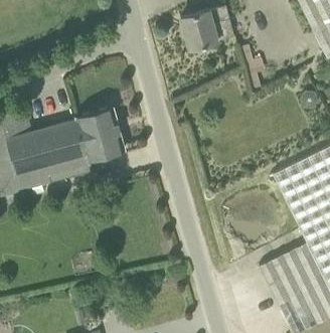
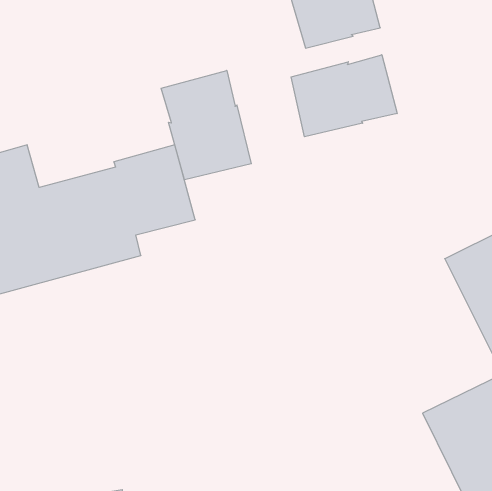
building: none -> [291,55,397,137]
building: none -> [161,70,251,180]

